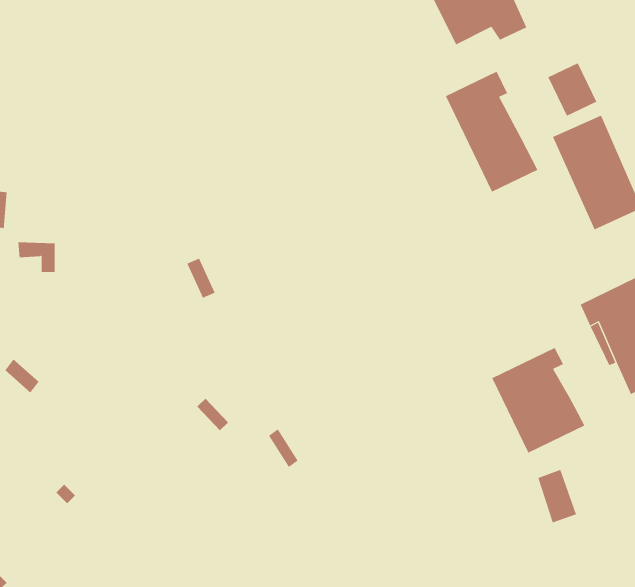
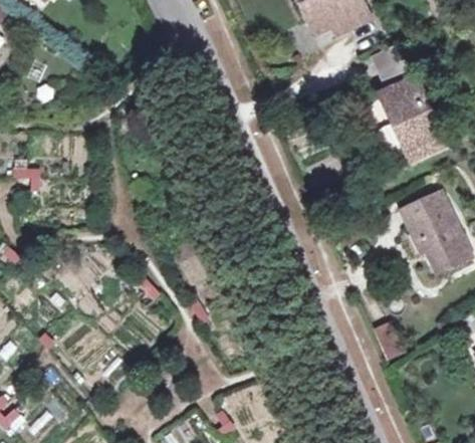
building: [445,71,538,193] -> none
building: [491,347,585,454] -> none

